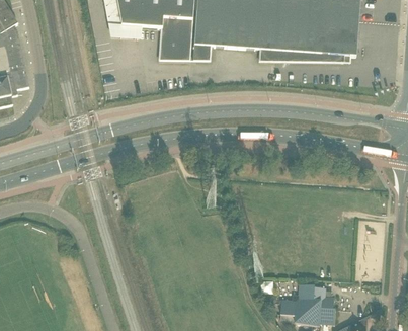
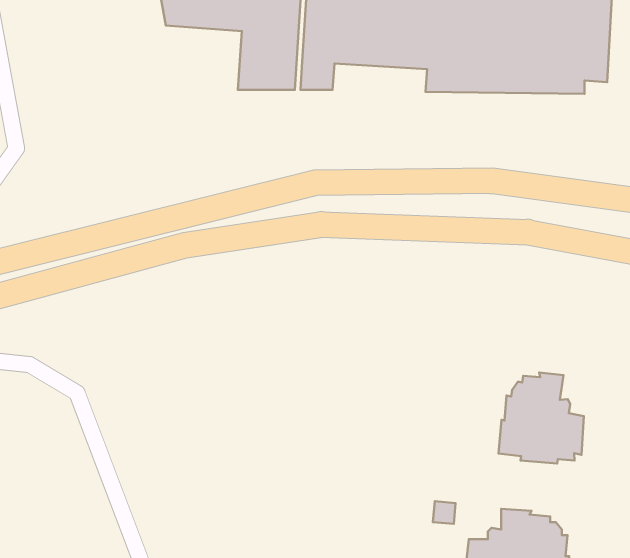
building: none -> [498,372,584,464]

